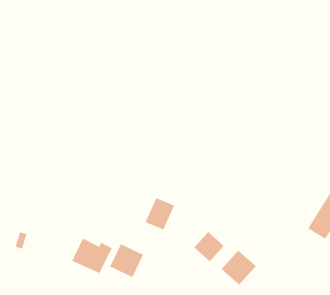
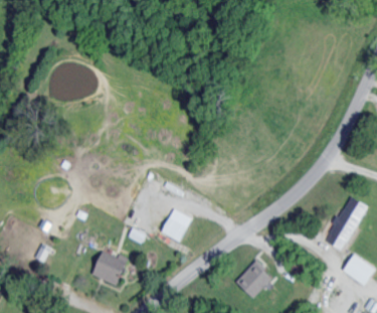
building: [194,231,225,262] -> none
building: [109,243,144,278] -> none

